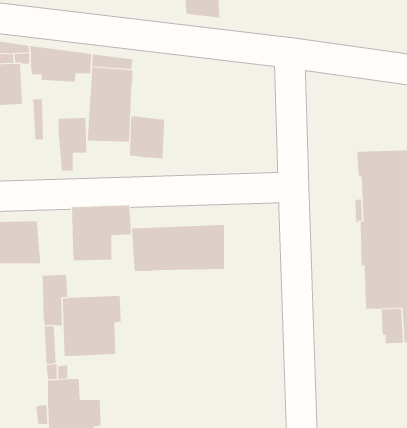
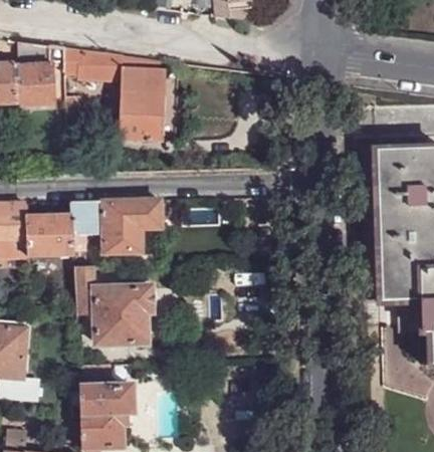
building: [130,116,165,159] -> none
building: [58,118,87,171] -> [71,202,99,253]
building: [132,224,225,272] -> none

